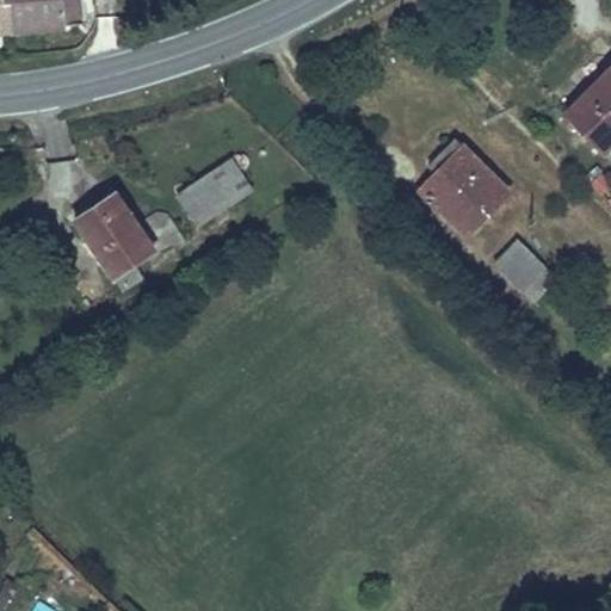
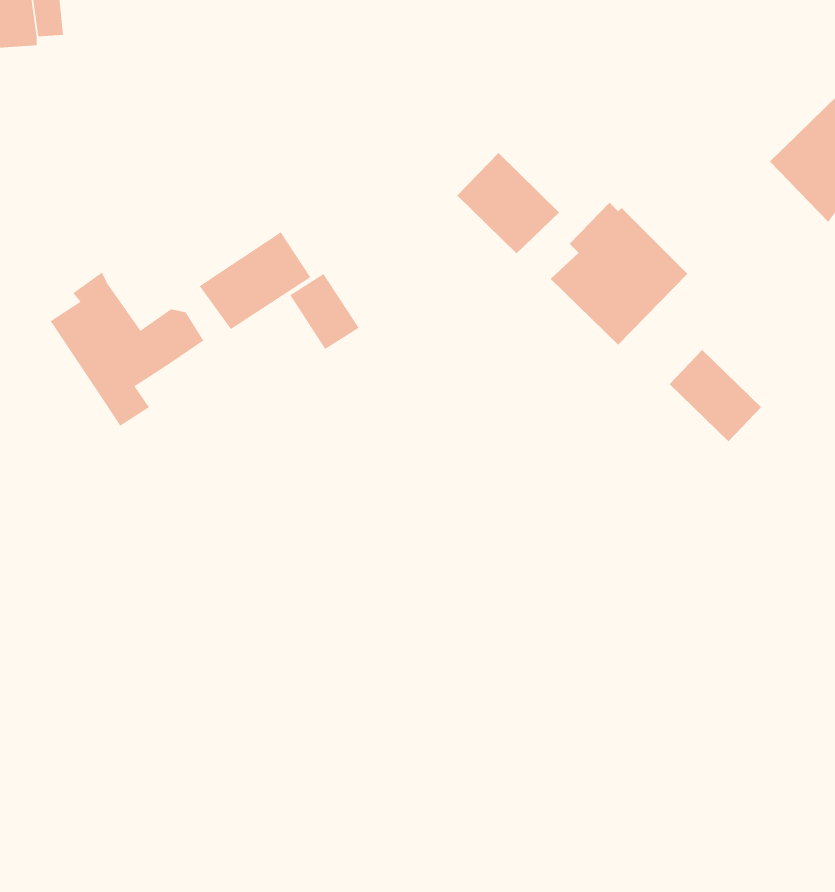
building: none -> [456,152,560,254]
building: none -> [289,273,359,350]

